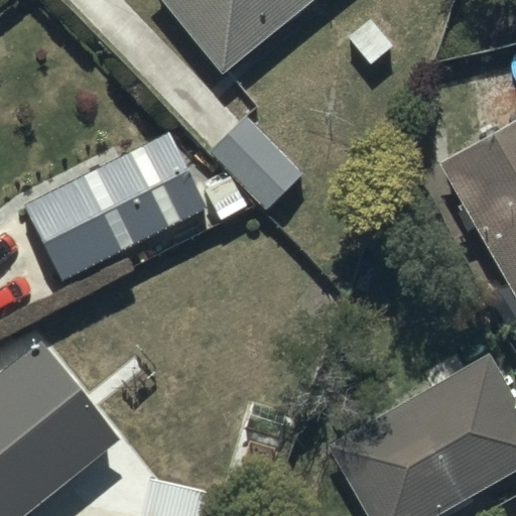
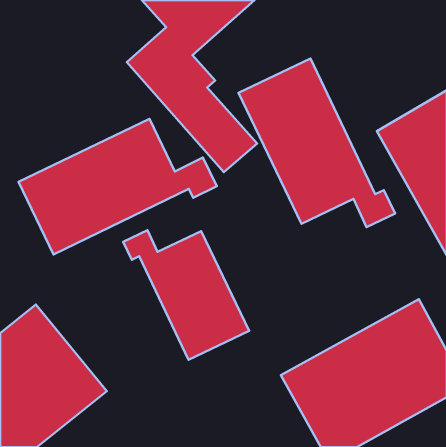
building: none -> [239,58,395,227]
building: none -> [123,230,249,360]

